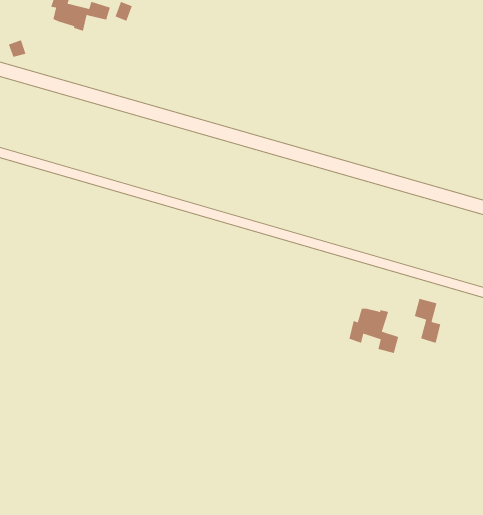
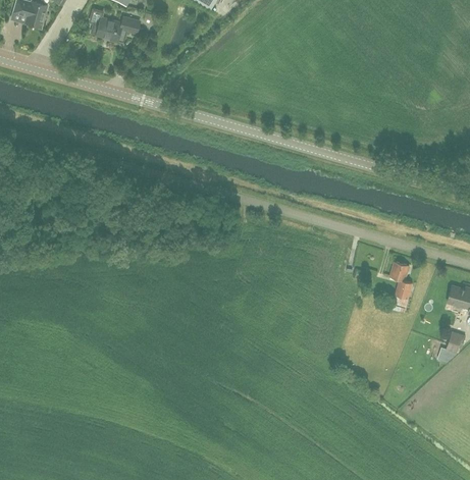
building: [348,308,399,354] -> none

